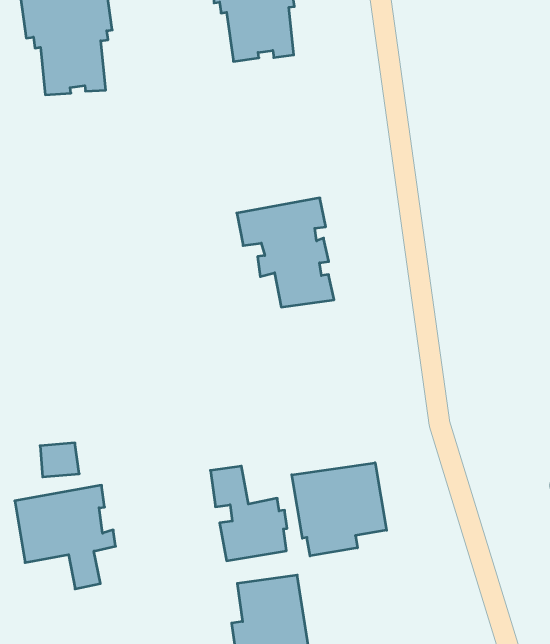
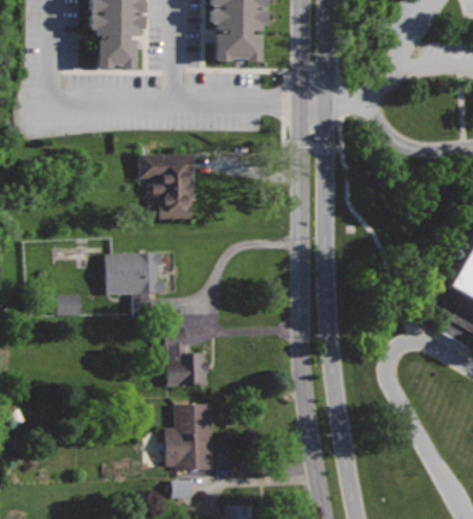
building: [237,198,334,307] -> [141,152,197,219]
building: [292,463,387,556] -> none
building: [15,485,116,589] -> [106,250,167,315]

